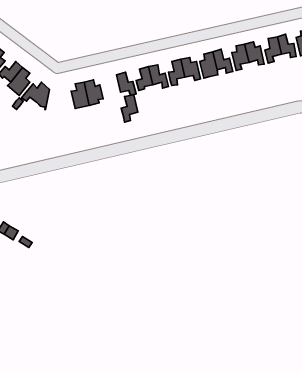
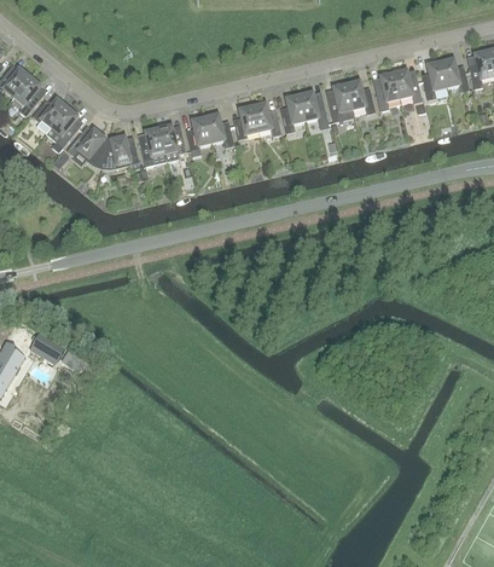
building: none -> [101,134,140,168]
building: [121,95,138,122] -> [187,116,211,156]

